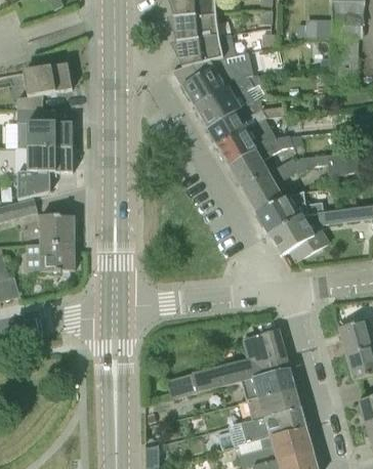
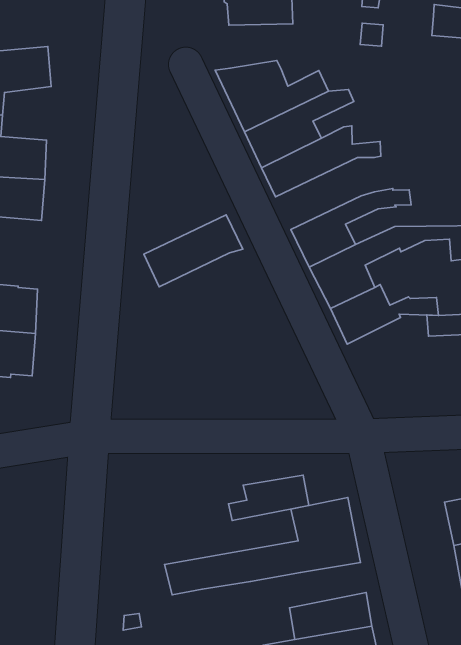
building: [177,37,223,68] -> none
building: [217,117,279,165] -> [144,215,243,287]
building: [270,213,329,259] -> none
building: [244,369,294,400] -> [228,475,309,520]

